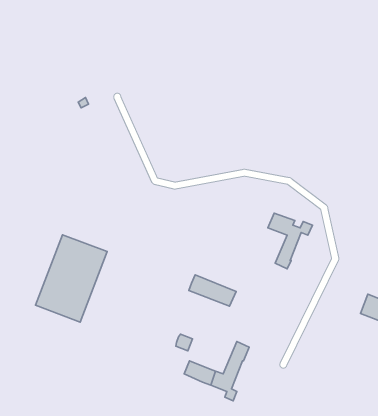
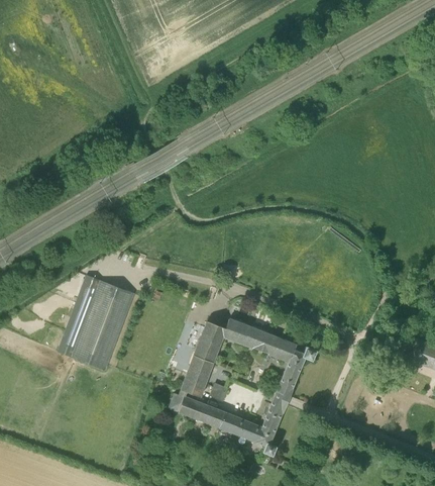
building: [268,213,312,269] -> [267,336,316,397]
building: none -> [181,320,226,397]
building: none -> [169,392,224,426]

